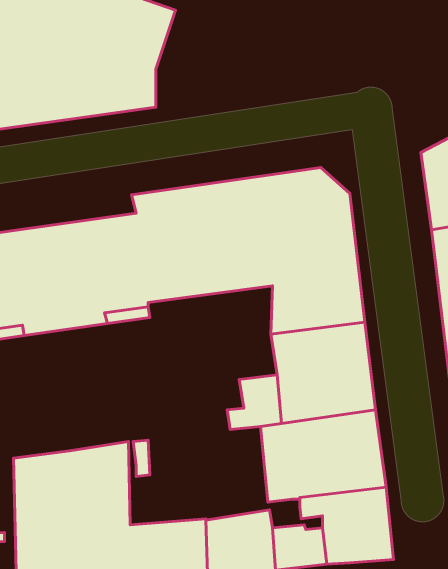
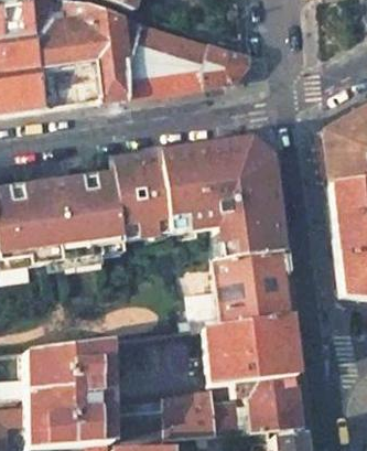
building: none -> [129,25,248,96]

